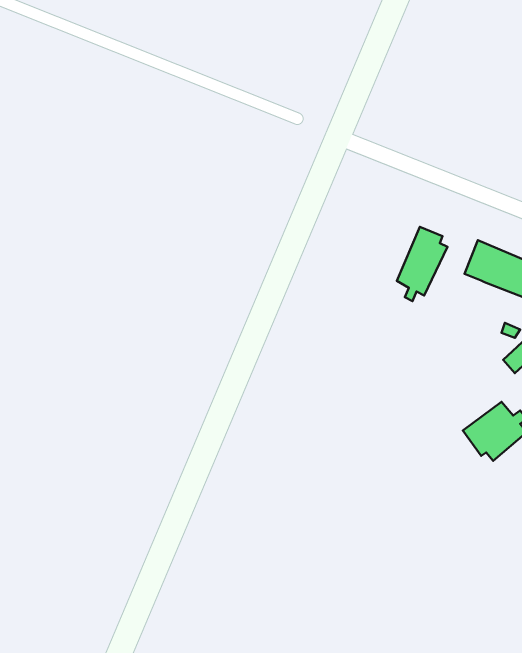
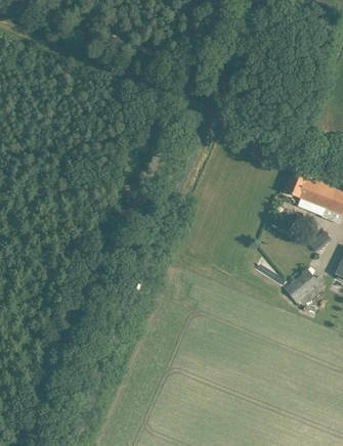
building: [397,227,447,301] -> none

